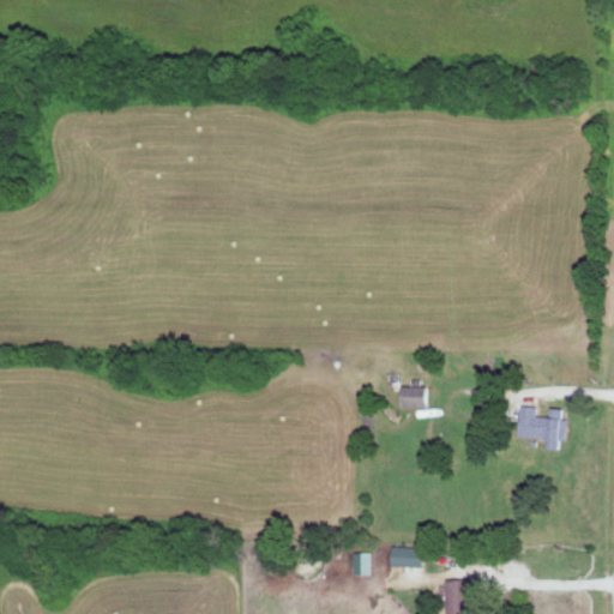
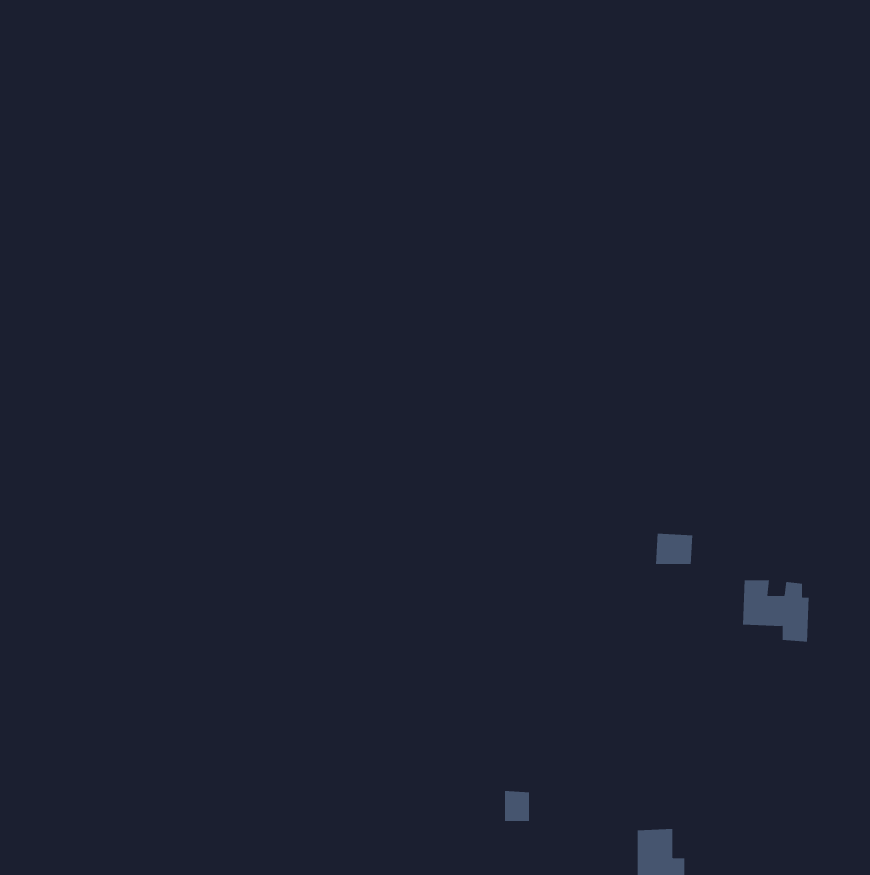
building: [399,387,426,409] -> [655,533,693,564]
building: [390,548,421,568] -> none

